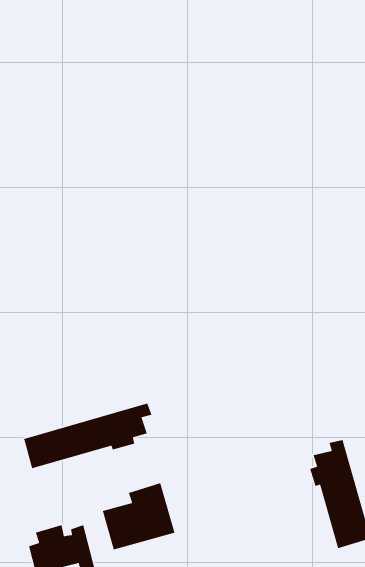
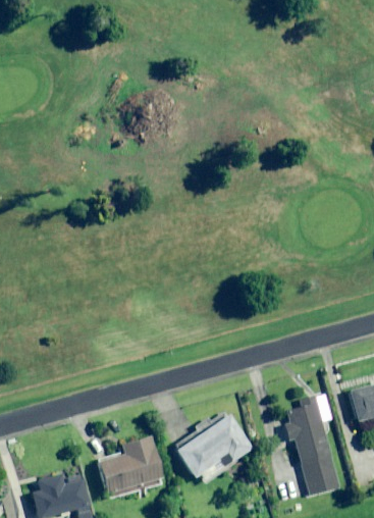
building: [23,402,153,469] -> none
building: none -> [173,411,252,479]

